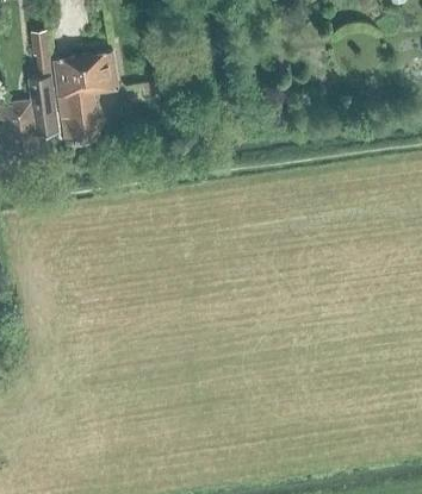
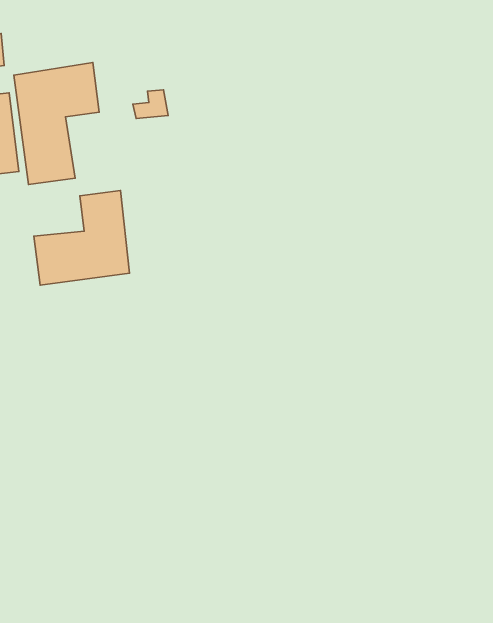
building: none -> [34,190,129,285]

